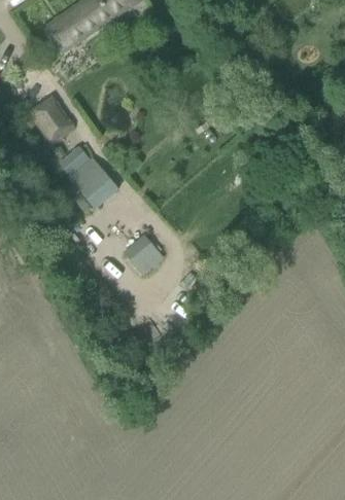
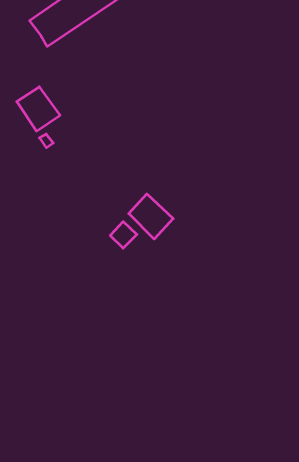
building: [59,147,113,204] -> none
building: none -> [129,194,173,239]

